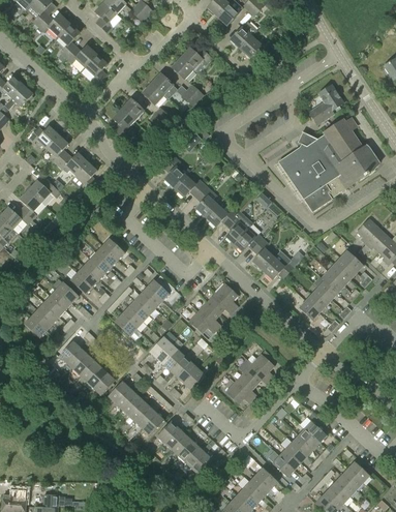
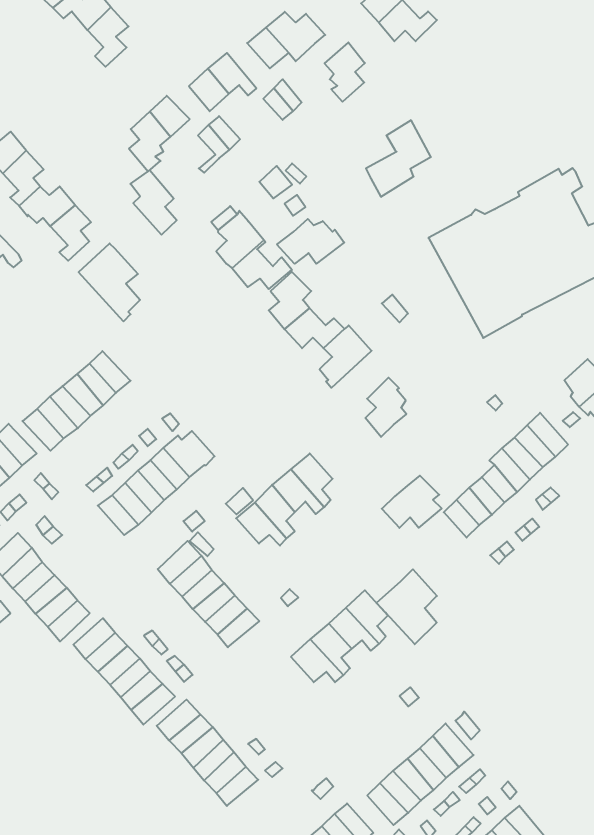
building: none -> [325,42,365,102]
building: [308,84,342,126] -> [366,120,431,197]
building: none -> [130,170,177,235]
building: none -> [277,219,344,264]
building: none -> [79,243,140,321]
building: [233,224,263,251] -> none
building: [262,250,294,279] -> [382,476,442,528]
building: none -> [376,569,437,644]

